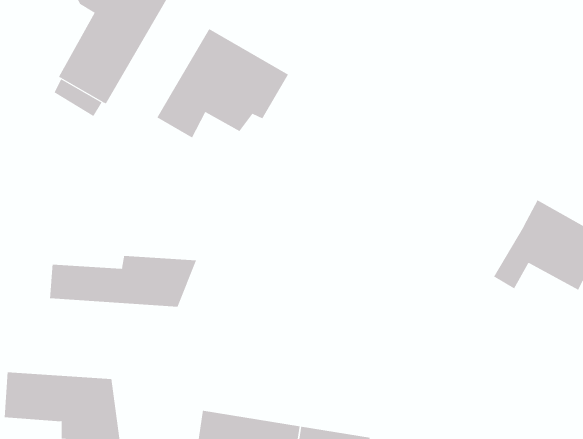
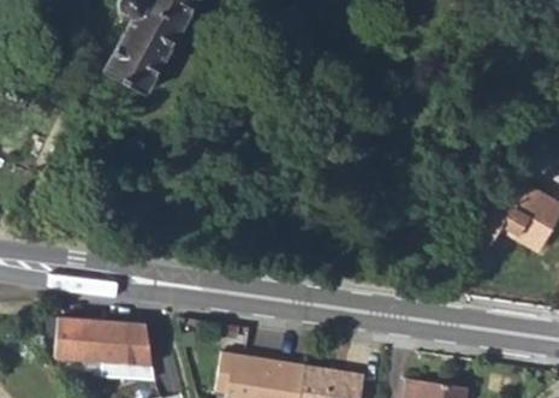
building: [156,28,289,138] -> none
building: [49,255,197,308] -> none

